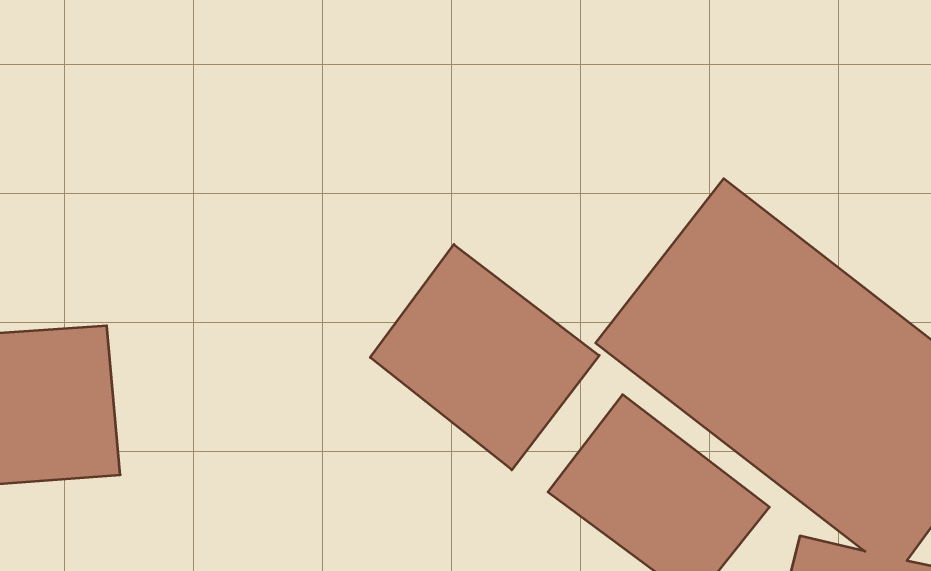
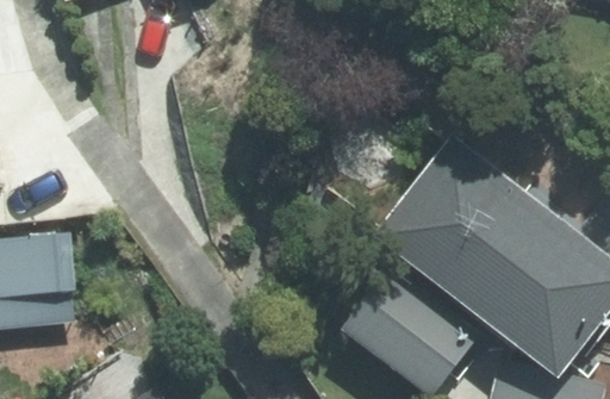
building: [370,244,599,470] -> none

